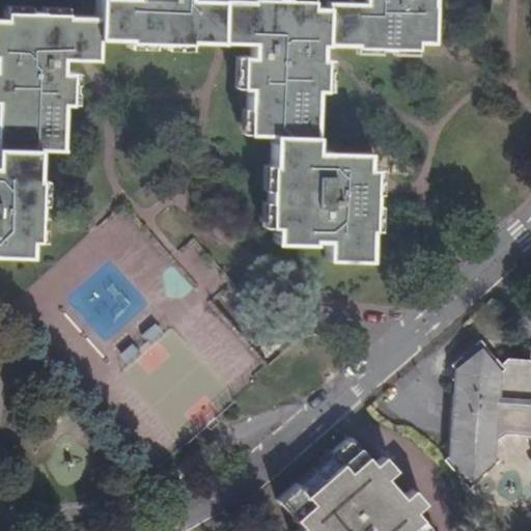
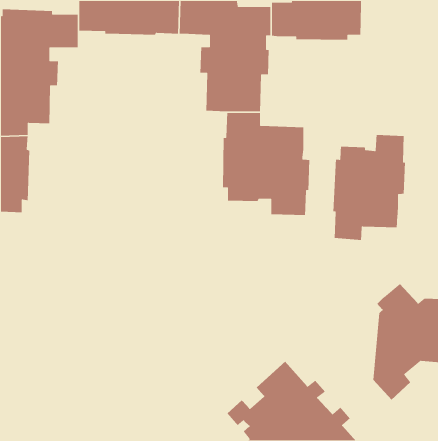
building: none -> [333,134,406,241]

